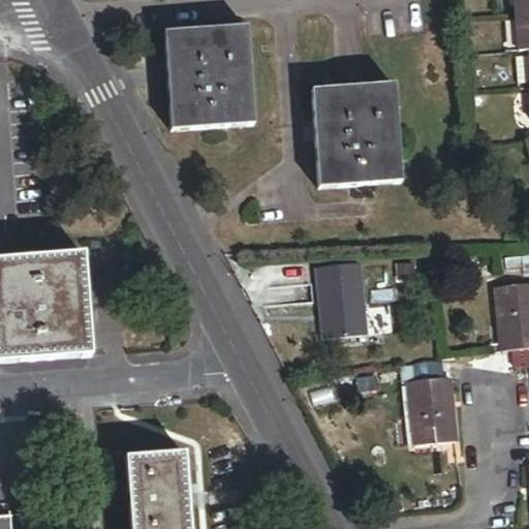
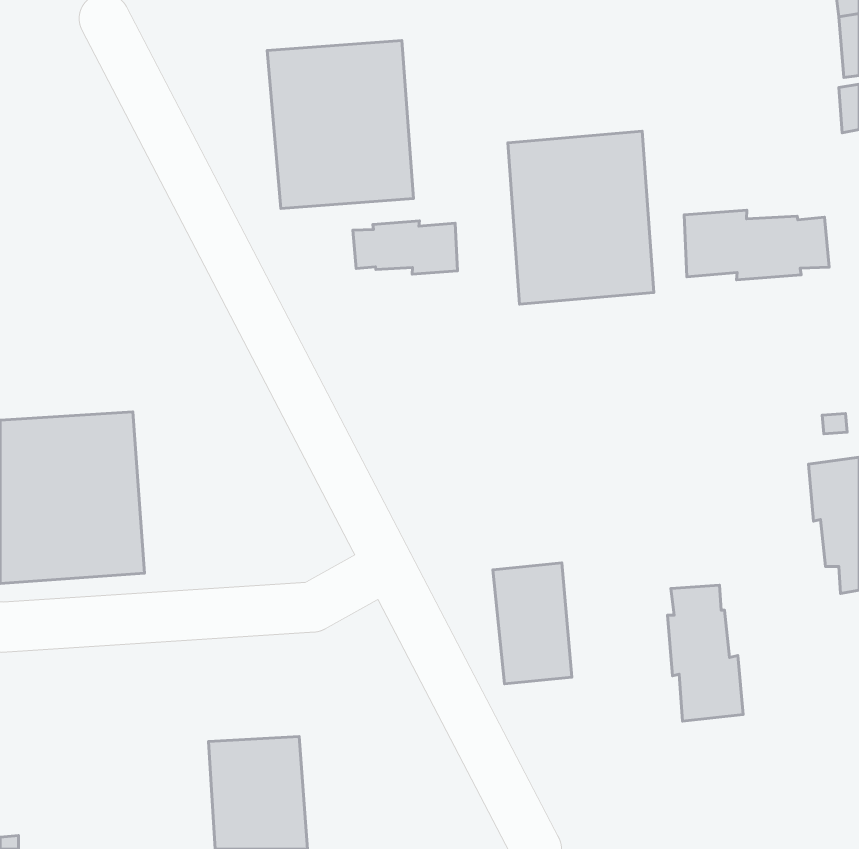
building: none -> [684,210,829,280]
building: none -> [353,221,457,274]
building: [318,261,367,336] -> [493,563,572,684]

